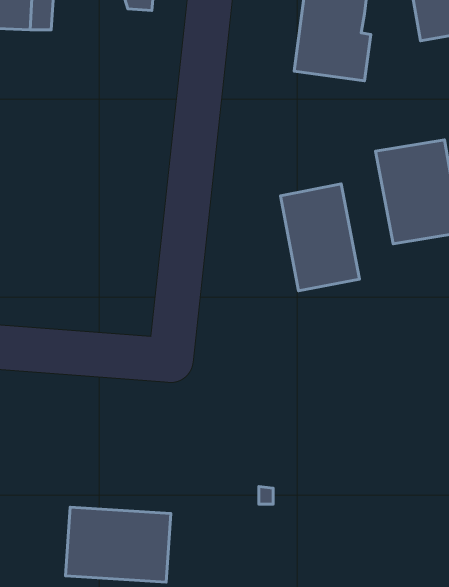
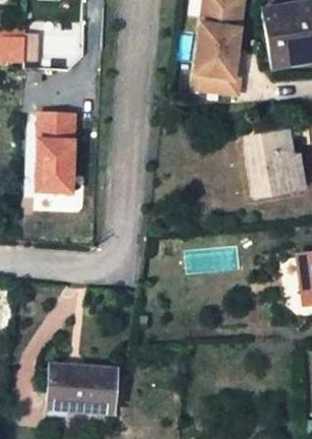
building: none -> [35,110,78,191]
building: [281,184,359,291] -> none

